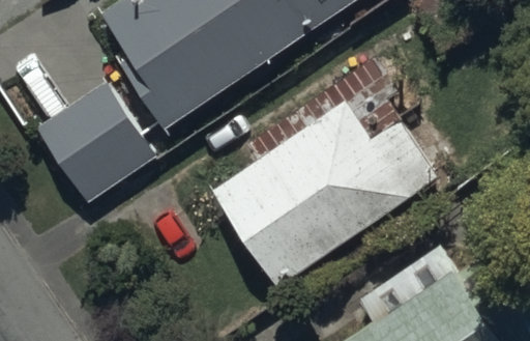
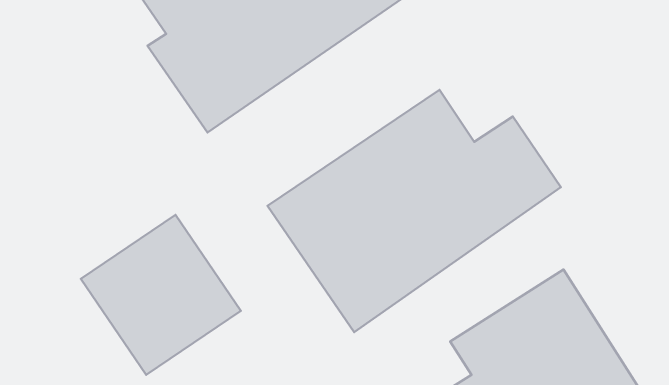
building: [32,81,156,205] -> [81,215,241,375]

